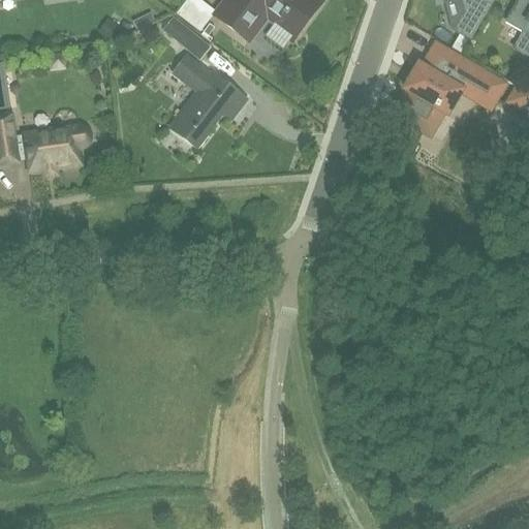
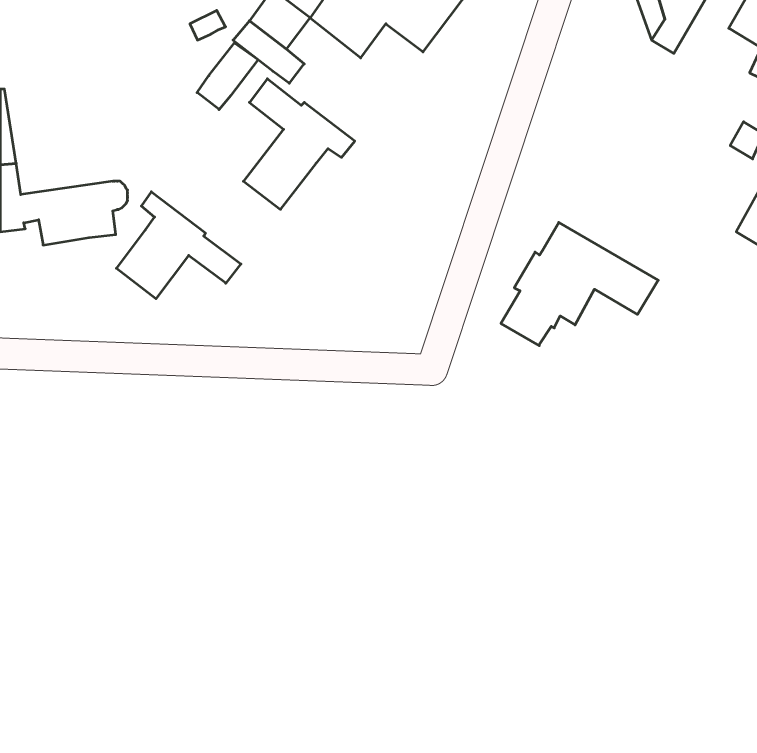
building: none -> [197,43,258,110]
building: [396,43,505,129] -> [501,222,658,346]
building: none -> [116,192,241,299]

